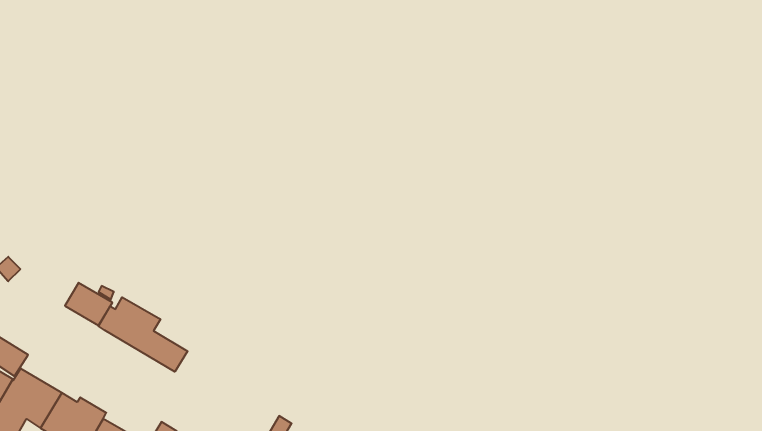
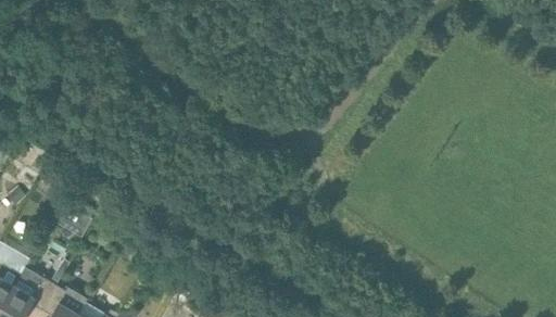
building: [99,297,188,372] -> none

